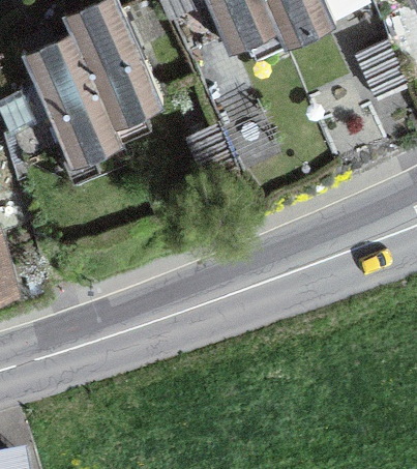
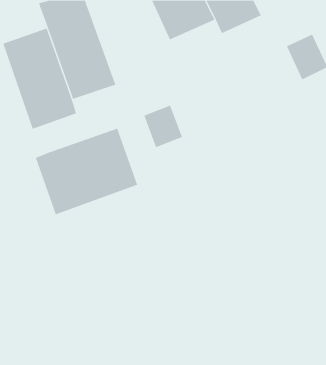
building: none -> [35,128,138,215]

